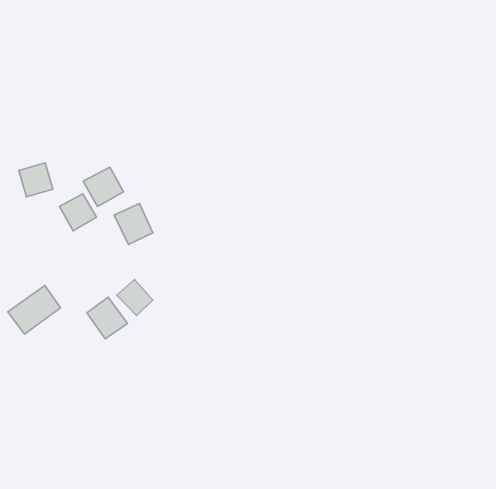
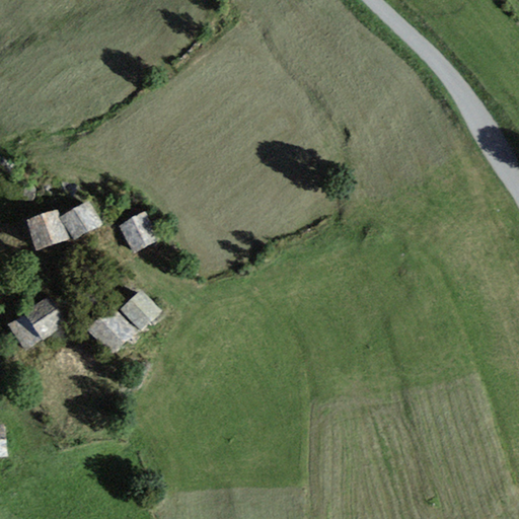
building: [19,163,53,197] -> [24,212,60,247]
building: [83,167,124,206] -> none

